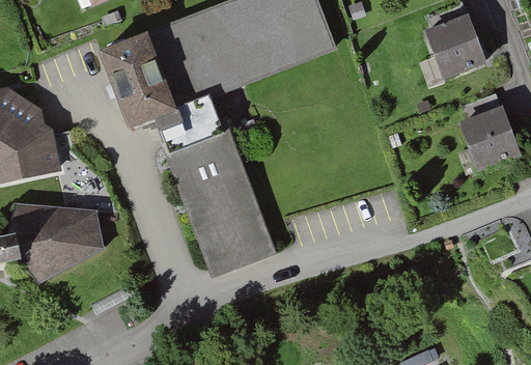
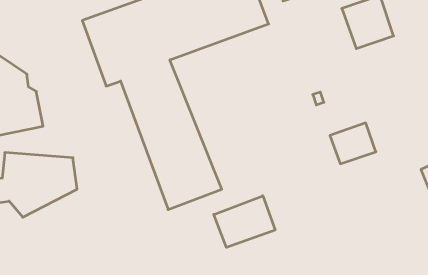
building: [457,107,513,157] -> [330,123,376,164]
building: none -> [214,196,275,247]

